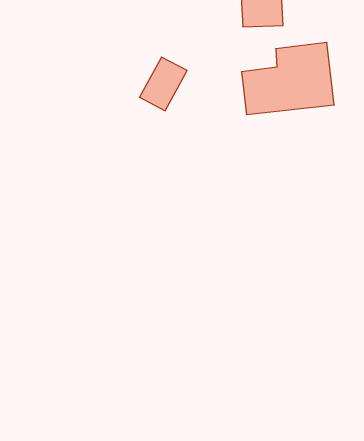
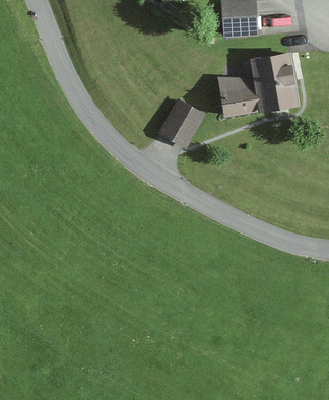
building: [139,57,187,111] -> [157,101,197,145]

